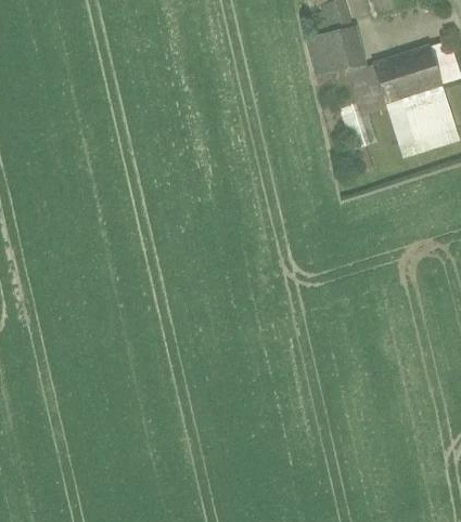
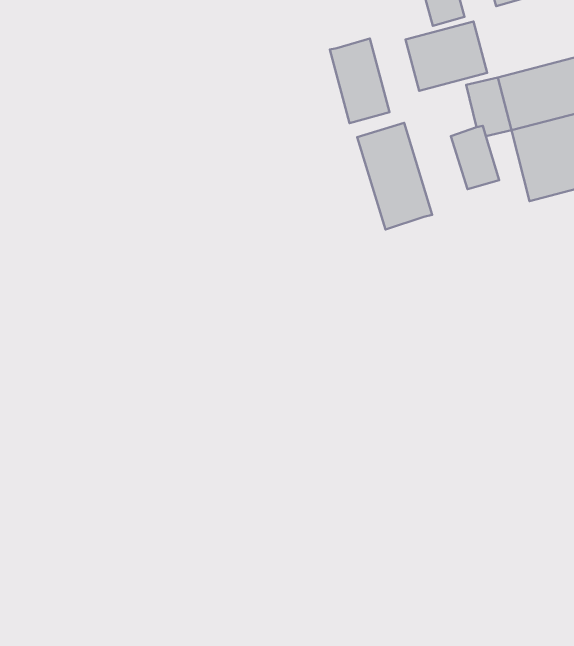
building: none -> [330,39,390,123]
building: none -> [357,123,432,229]

